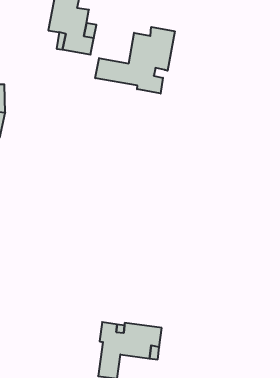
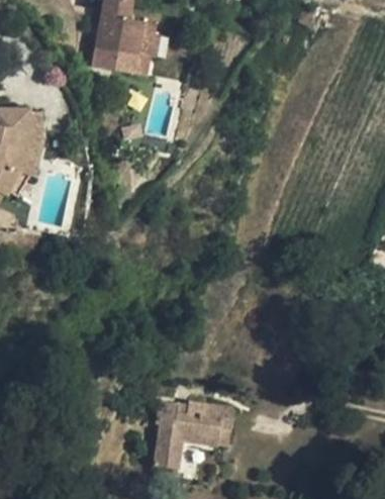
building: [95,27,175,94] -> none

